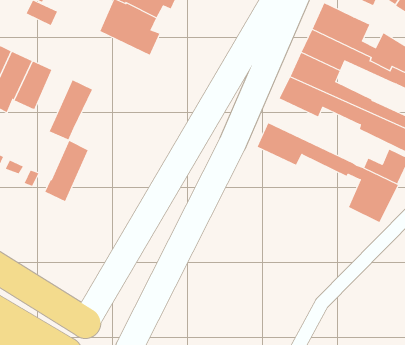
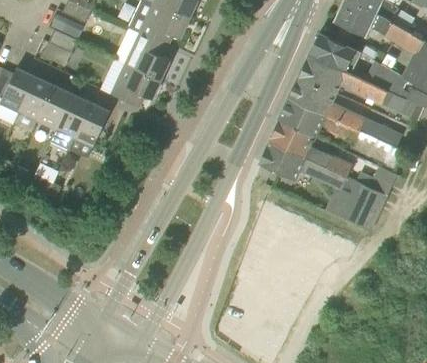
building: none -> [101,57,162,106]
building: none -> [269,118,352,177]
building: [45,140,89,202] -> [51,92,91,148]

